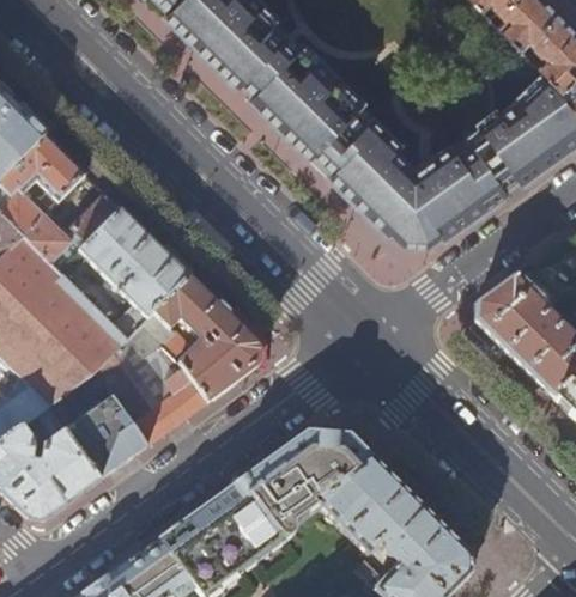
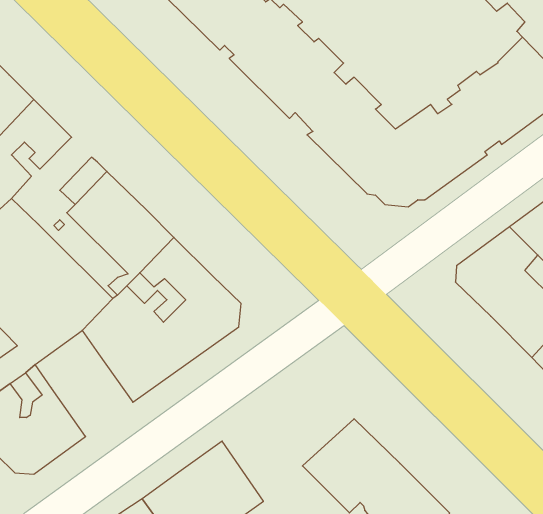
building: [24,213,72,262] -> none
building: [65,394,147,477] -> none
building: [238,430,372,543] -> none

